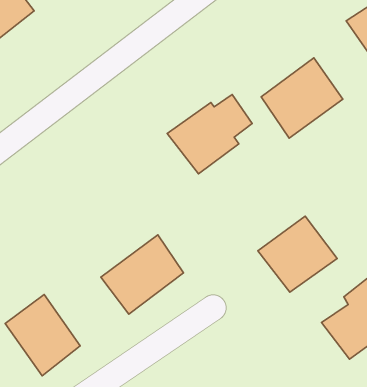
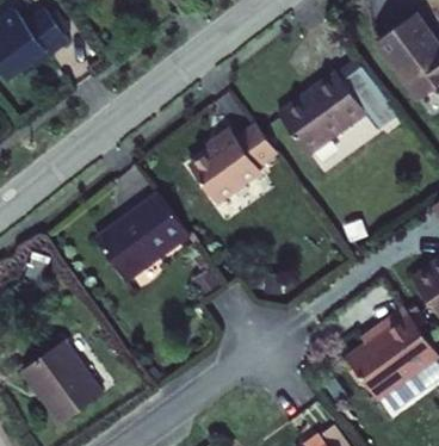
building: [258,216,337,292] -> none
building: [101,235,183,314] -> [103,188,191,273]

